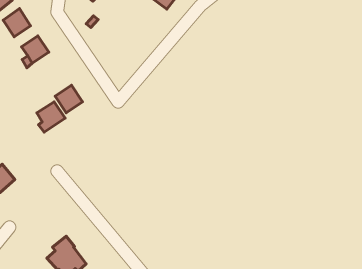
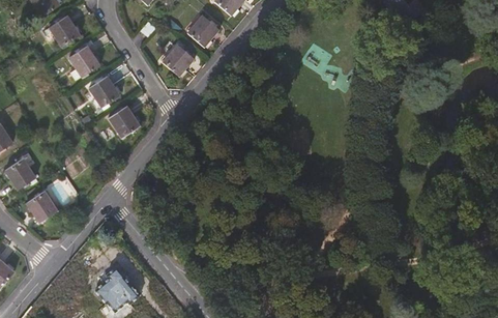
building: none -> [185,11,218,42]
building: none -> [159,42,192,75]
building: [37,102,65,132] -> [85,69,117,104]

